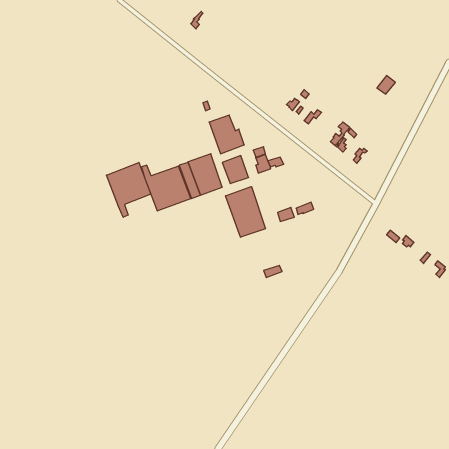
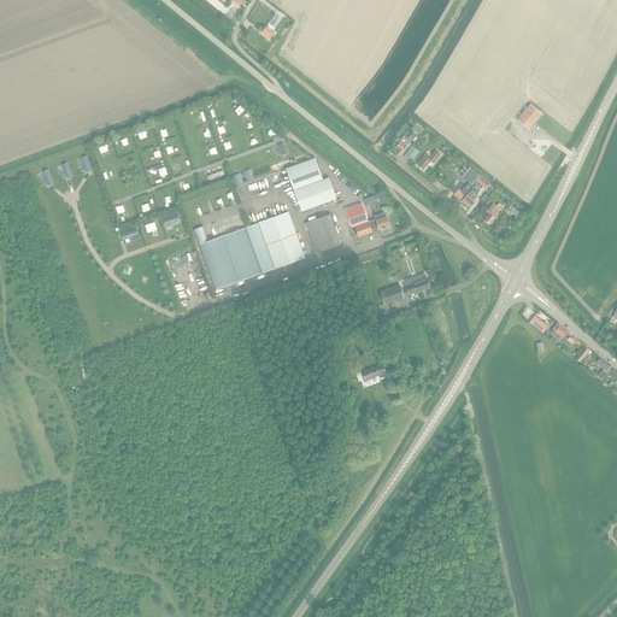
building: [106,162,151,217] -> none
building: [226,187,265,237] -> none

